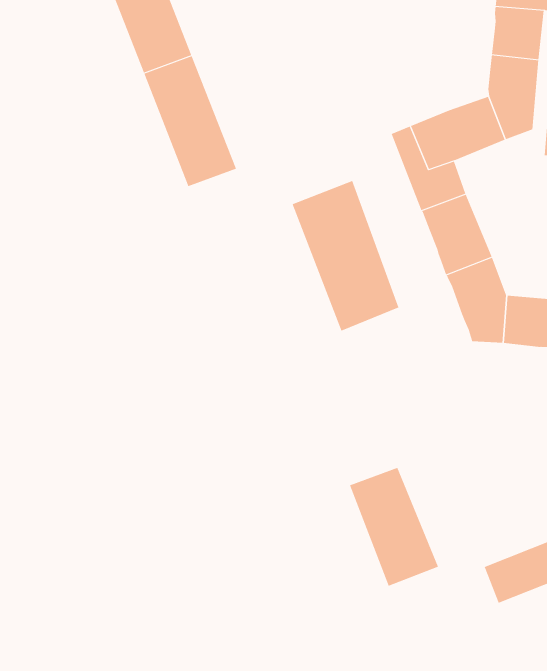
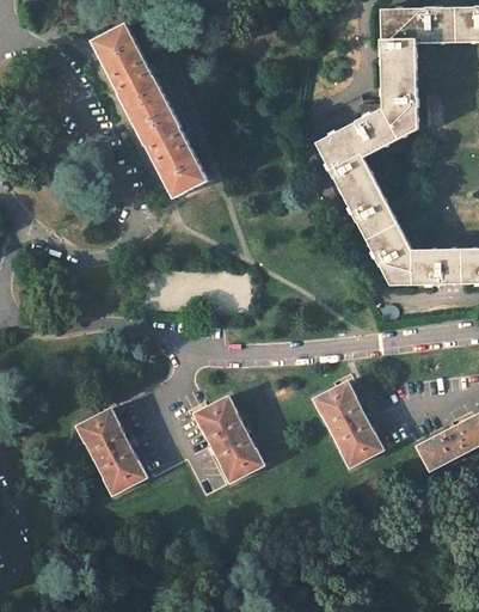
building: [292,180,399,331] -> none
building: none -> [76,408,147,495]
building: none -> [194,396,264,483]

